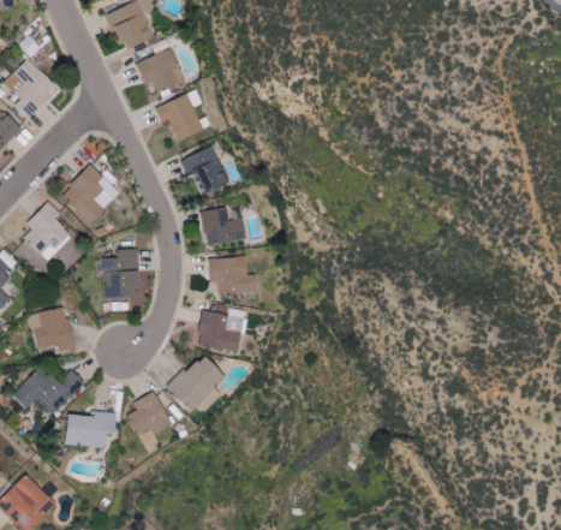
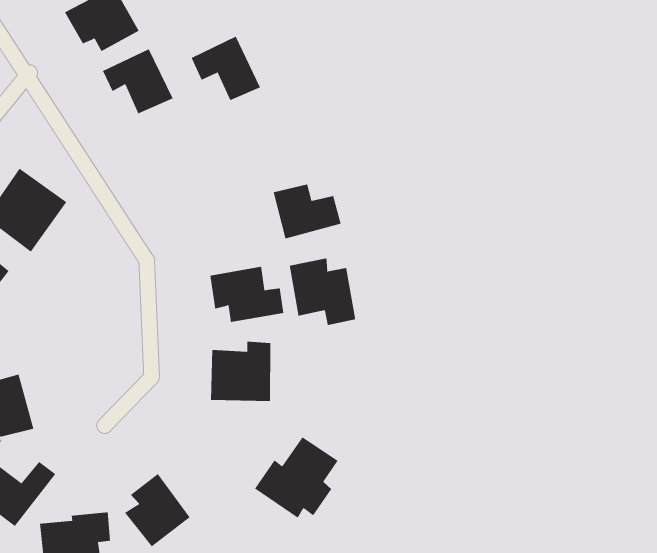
building: [180,148,226,192] -> [191,36,261,101]
building: [202,208,246,244] -> [273,184,341,239]
building: [101,248,138,298] -> none
building: none -> [289,257,356,326]
building: [166,355,227,411] -> [254,436,338,518]

